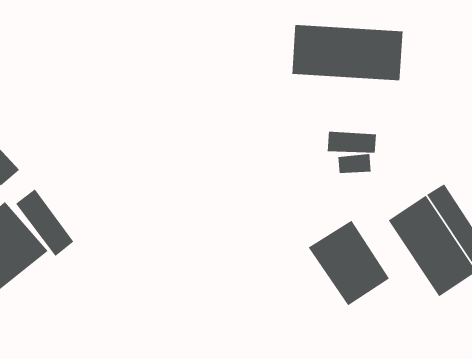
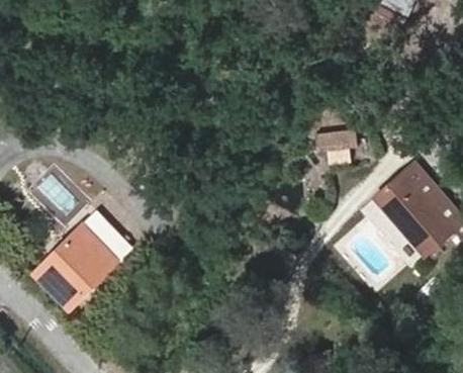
building: [292,24,403,81] -> none
building: [308,220,390,306] -> none

